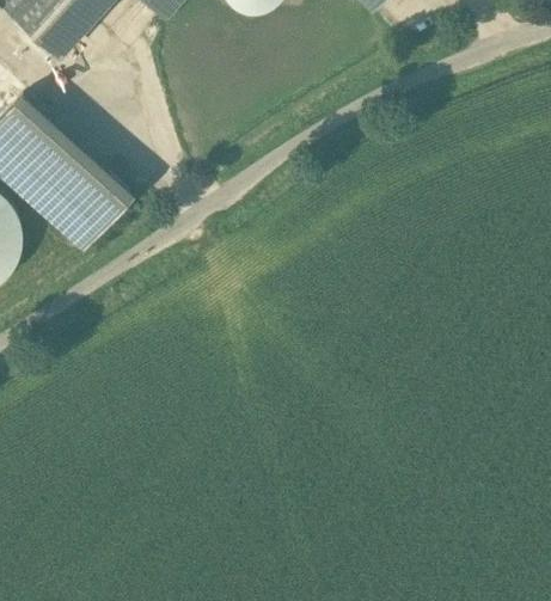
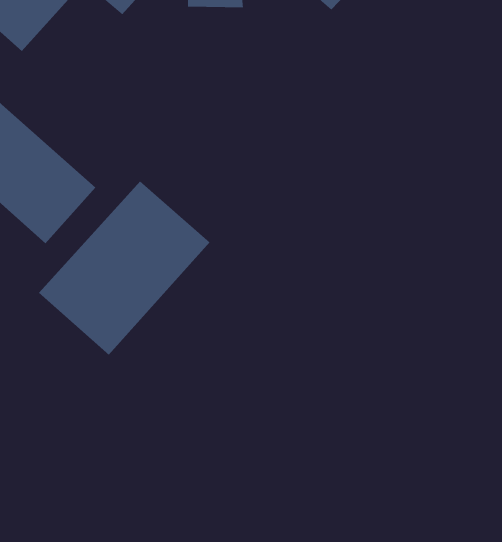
building: none -> [38,180,210,356]

